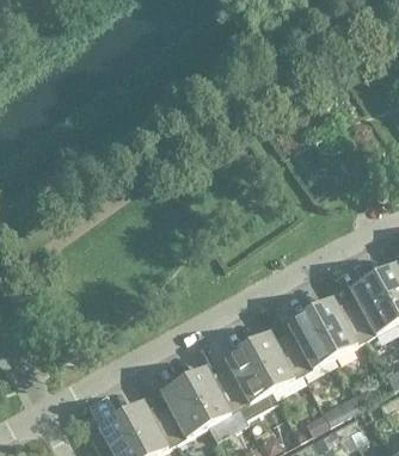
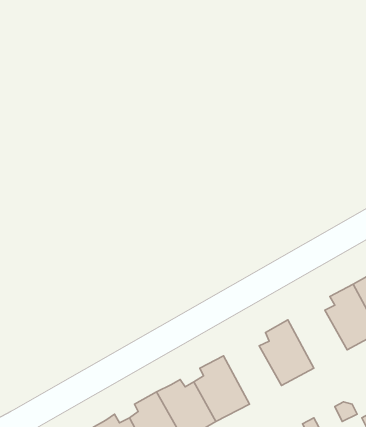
building: [308,297,366,356] -> none
building: [246,332,302,390] -> none

